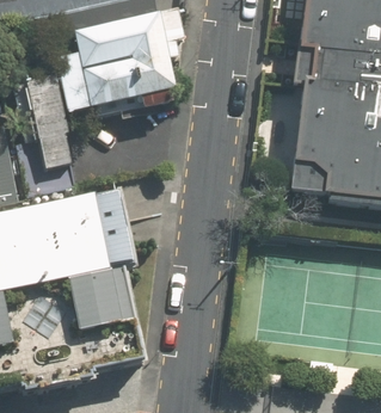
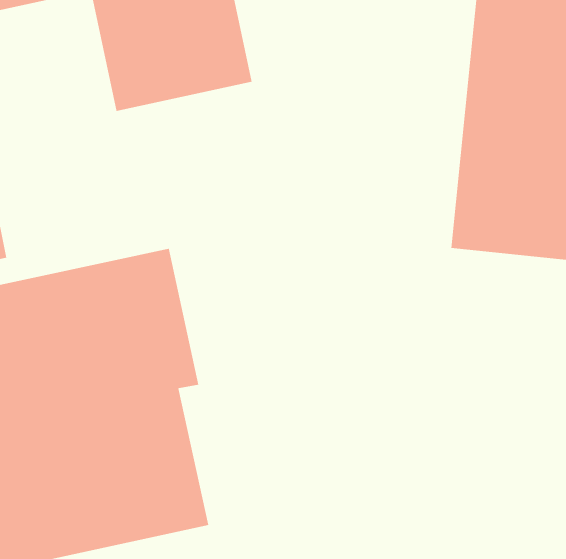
building: [24,74,75,171] -> none

